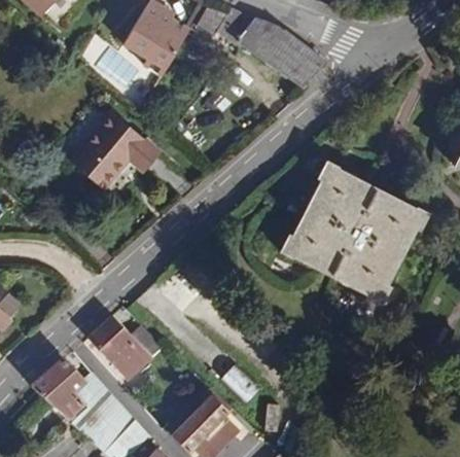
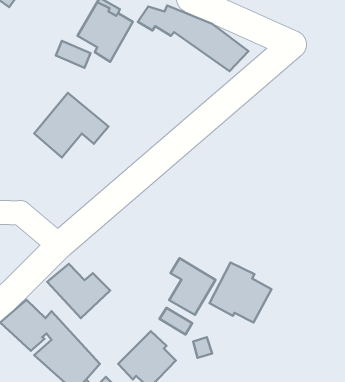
building: [279,159,430,305] -> none
building: none -> [169,258,216,315]
building: none -> [210,263,272,323]

